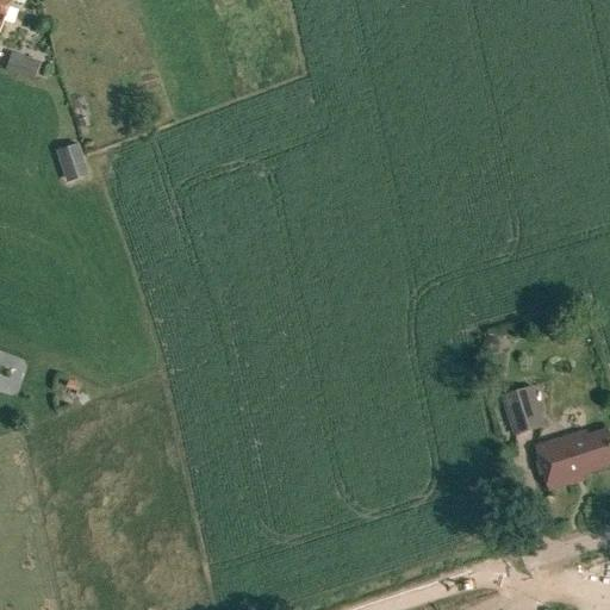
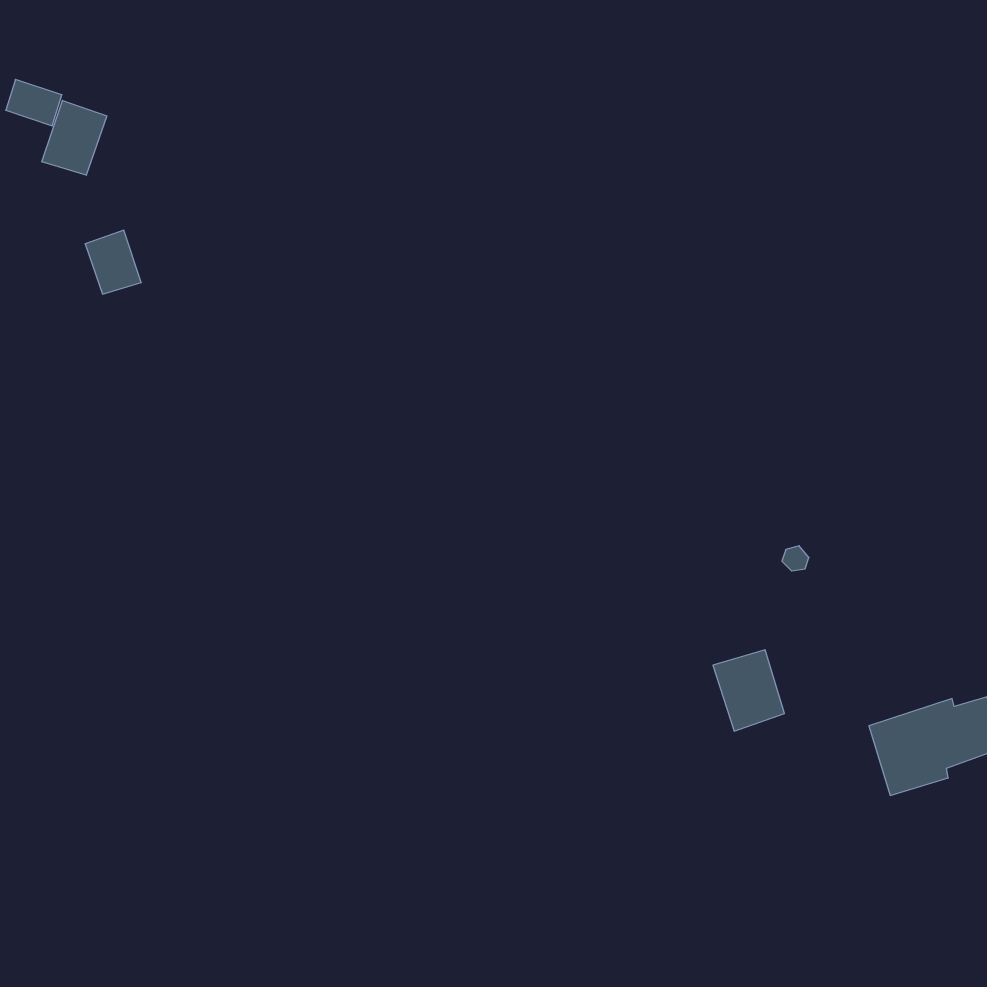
building: none -> [42,100,107,175]
building: [502,385,546,435] -> [713,650,784,731]

